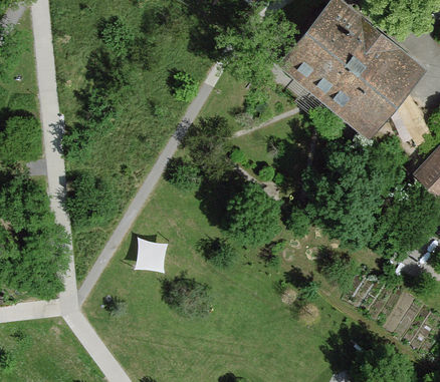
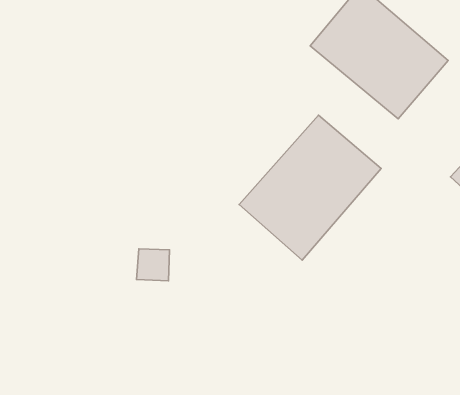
building: none -> [239,115,381,260]

